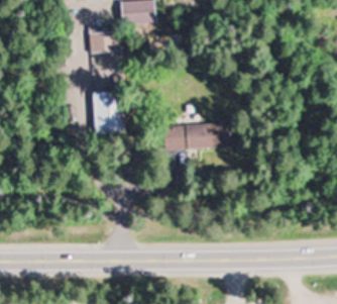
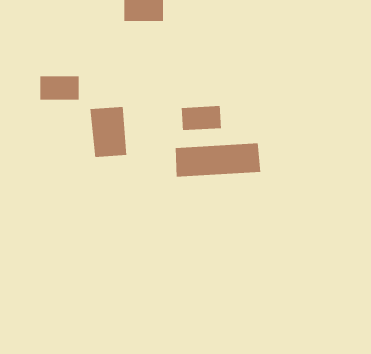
building: [87,31,120,52] -> [39,76,80,100]
building: none -> [181,105,222,131]

